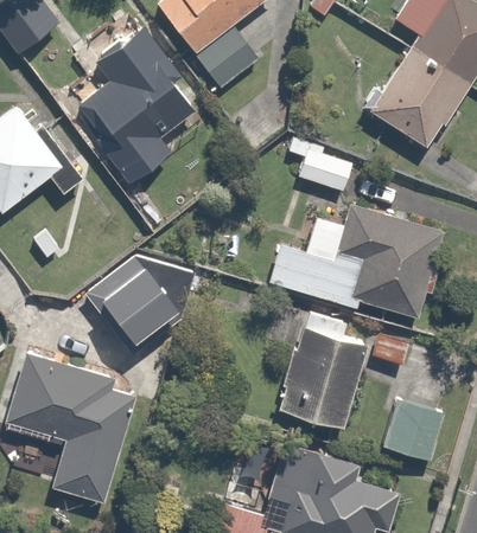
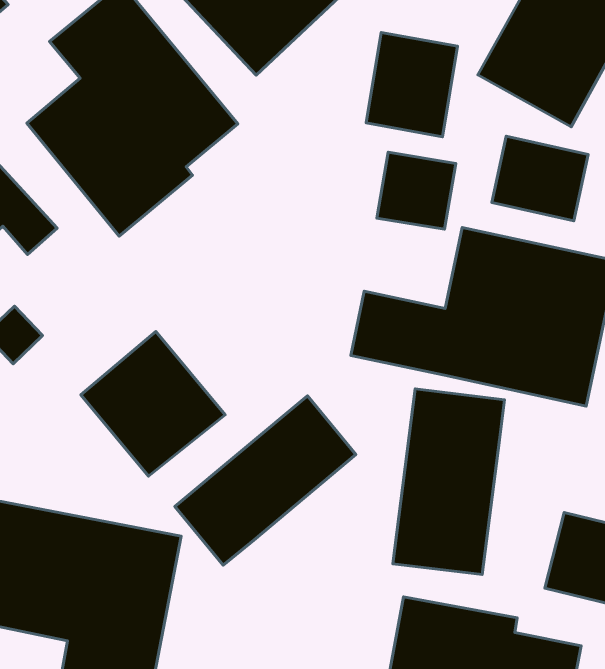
building: none -> [366,32,458,137]
building: none -> [492,136,588,221]
building: none -> [175,396,356,565]

